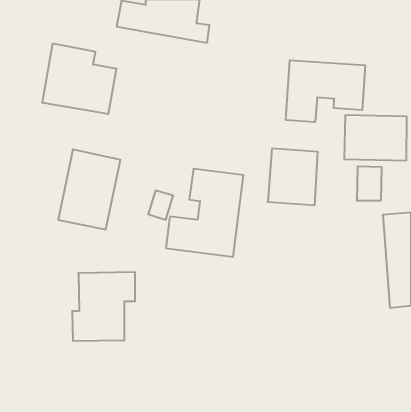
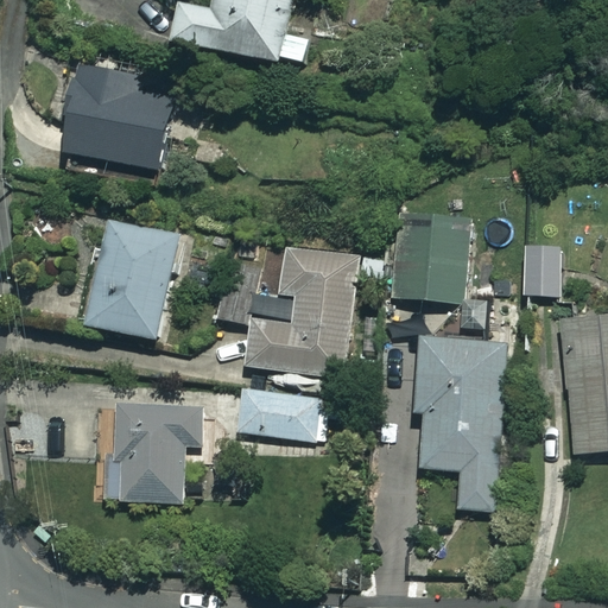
building: [286,60,365,122] -> none
building: [344,115,407,161] -> none
building: none -> [416,337,507,511]
building: none -> [238,391,348,442]

